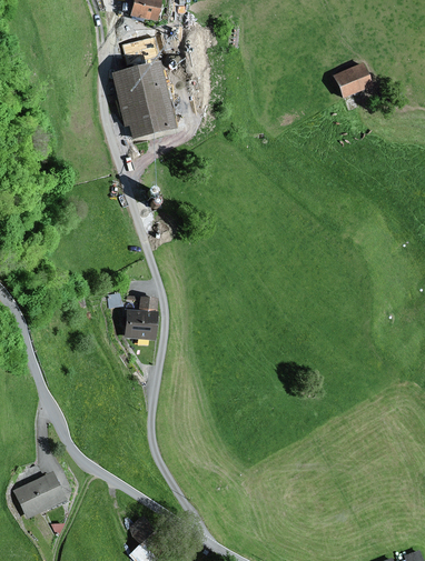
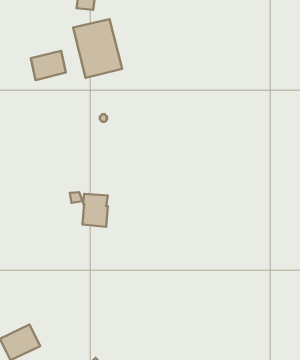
building: [333,62,373,98] -> none
building: none -> [31,51,66,80]

